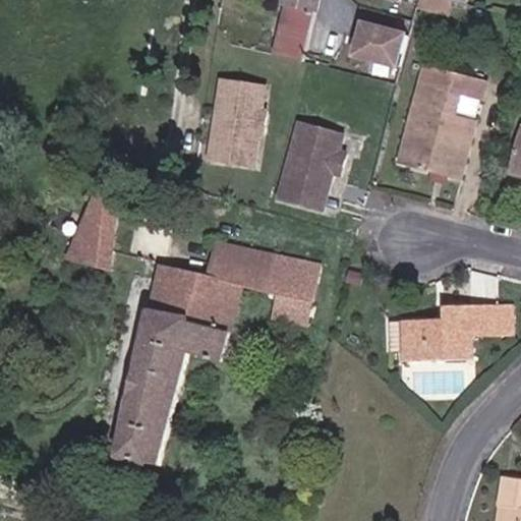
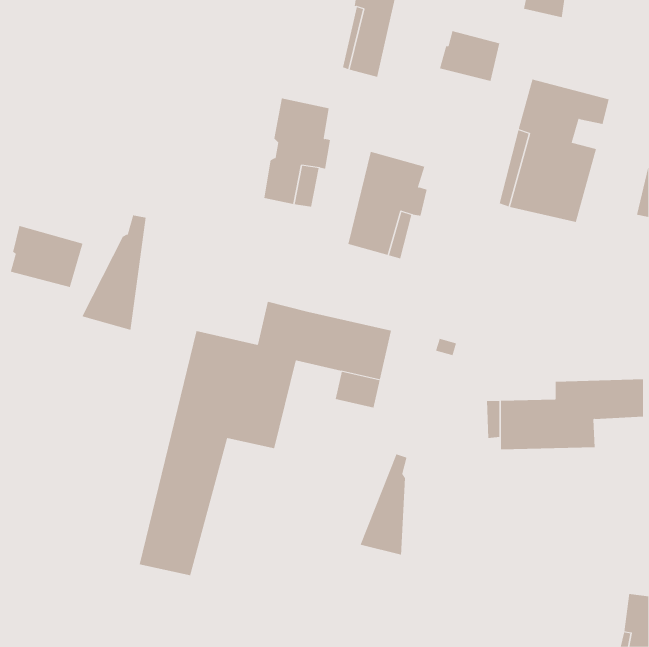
building: none -> [10,225,83,288]
building: none -> [360,453,407,555]

